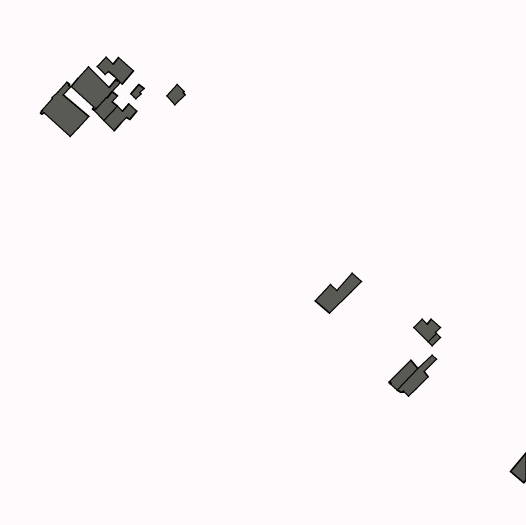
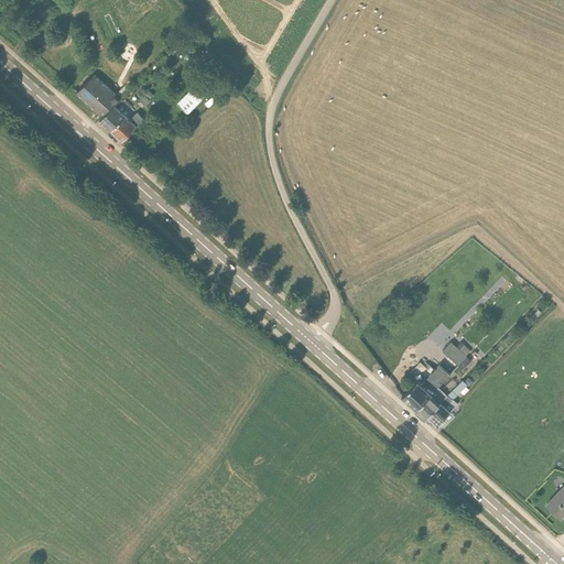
building: [97,57,133,84] -> none
building: [41,82,89,137] -> none
building: [315,273,361,313] -> [401,367,451,410]

